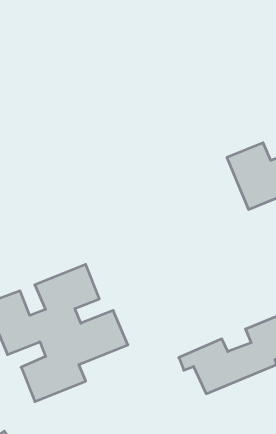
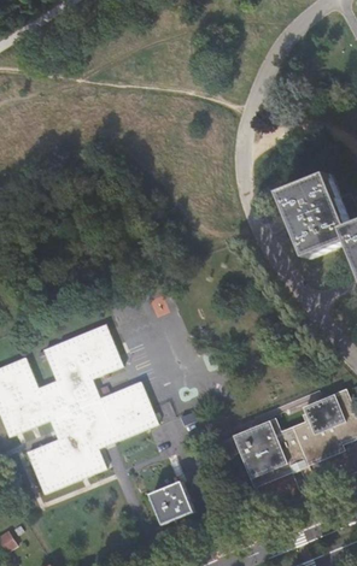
building: none -> [152,480,194,524]

